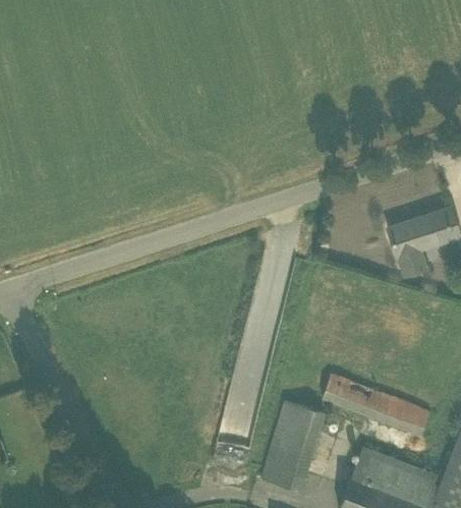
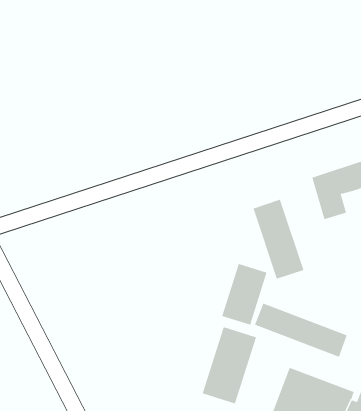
building: none -> [253,199,304,280]
building: none -> [222,263,267,325]

